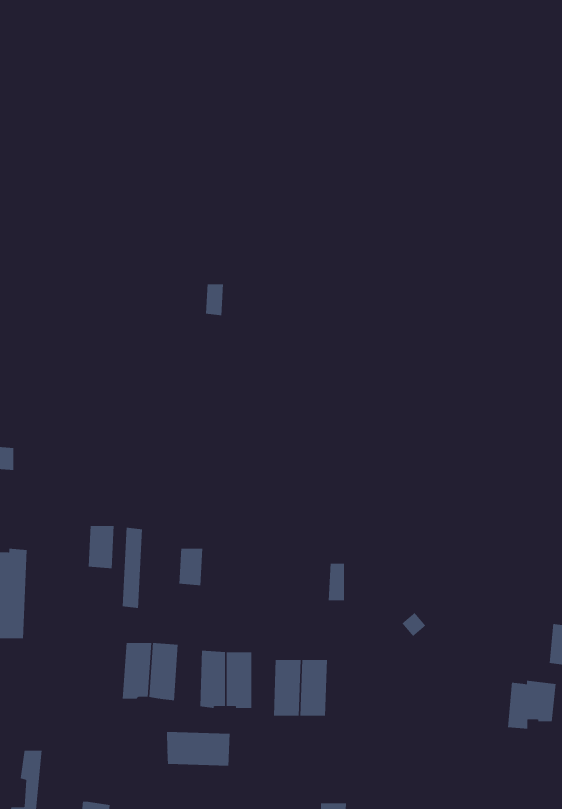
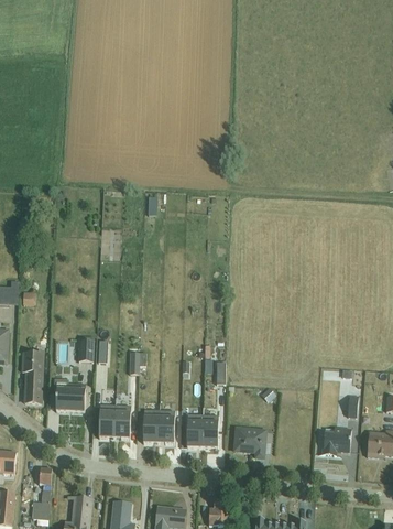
building: none -> [53,379,85,412]
building: none -> [233,427,265,458]
building: [167,731,230,766] -> none

